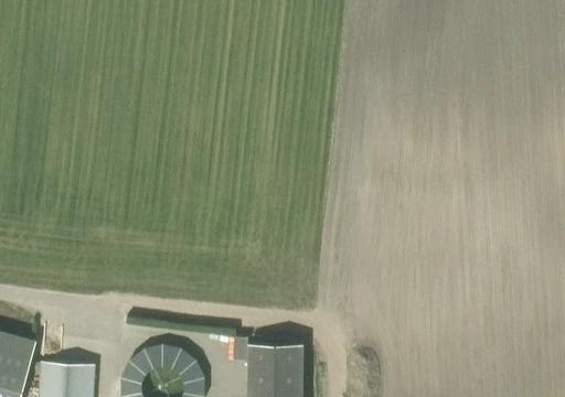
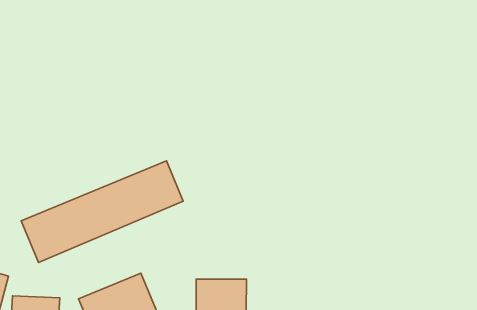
building: none -> [21,161,183,263]

